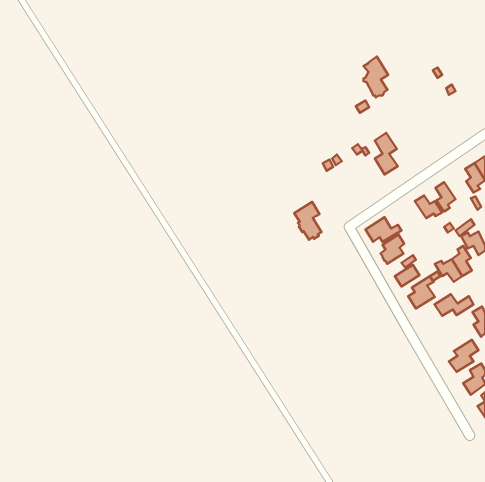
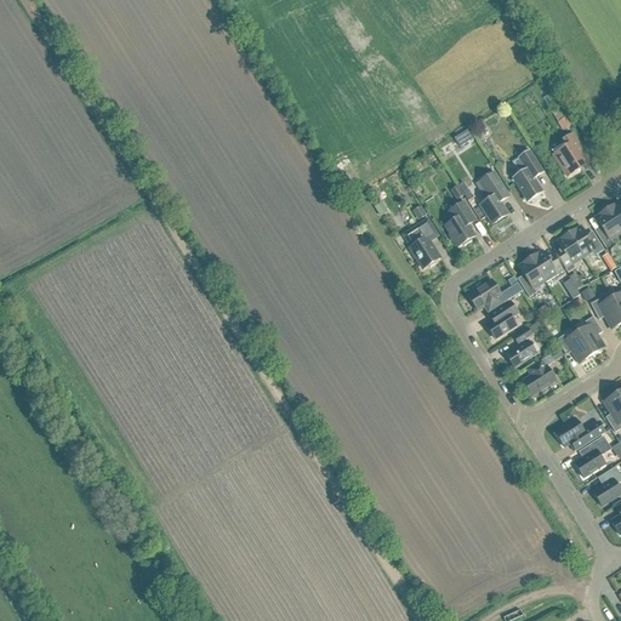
building: [364,57,388,97] -> [512,148,543,200]
building: none -> [553,132,587,175]
building: none -> [445,200,475,245]
building: none -> [568,224,604,255]
building: none -> [518,257,545,295]
building: [294,202,322,240] -> [404,218,439,267]
building: [435,294,474,316] -> [554,417,604,445]

